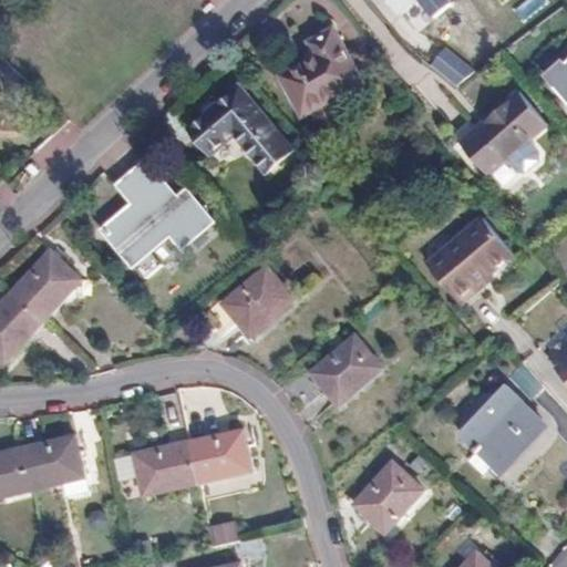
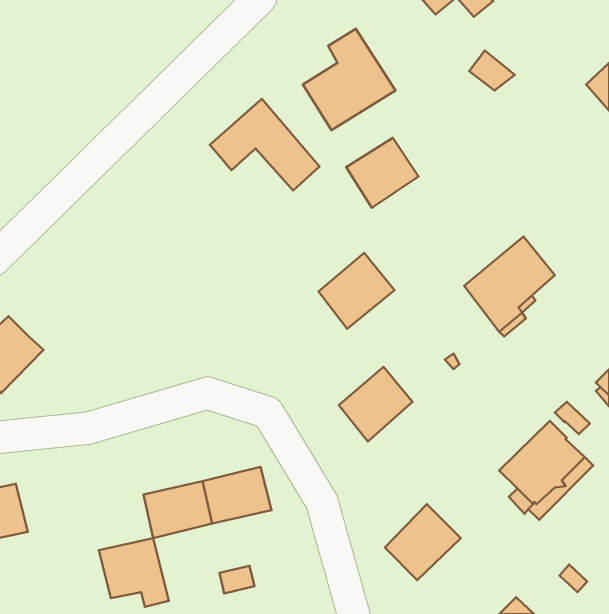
building: [462,92,545,172] -> none
building: none -> [346,138,418,208]
building: [104,161,212,266] -> none
building: [8,249,79,321] -> none
building: [220,265,290,334] -> [318,253,394,329]
building: [14,433,79,496] -> [99,538,169,607]

